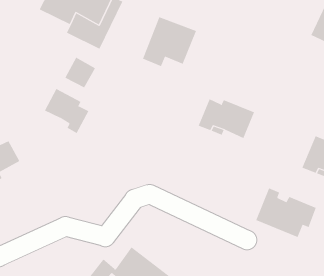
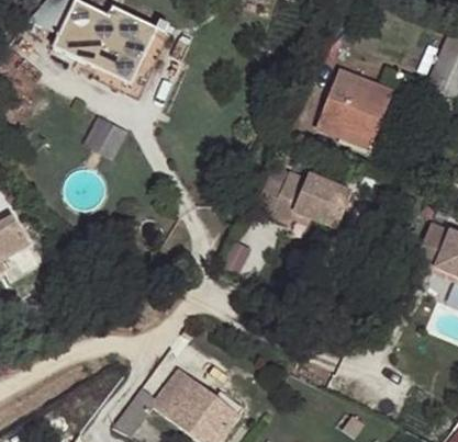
building: [142,16,197,67] -> [316,69,391,138]
building: [44,88,89,134] -> none
building: [256,187,316,238] -> none

